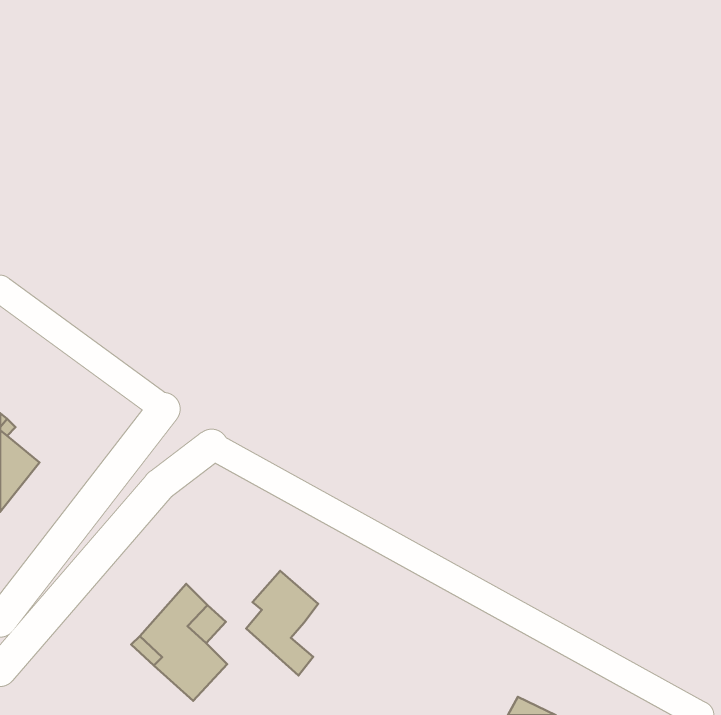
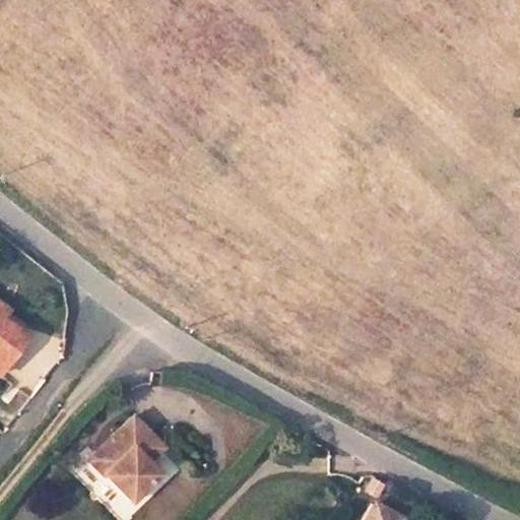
building: [246,571,318,675] -> none

